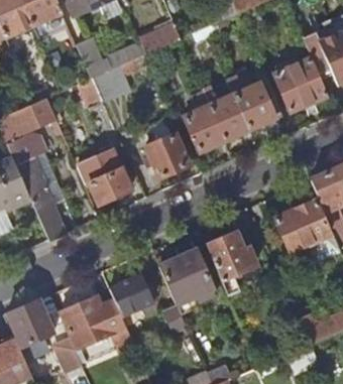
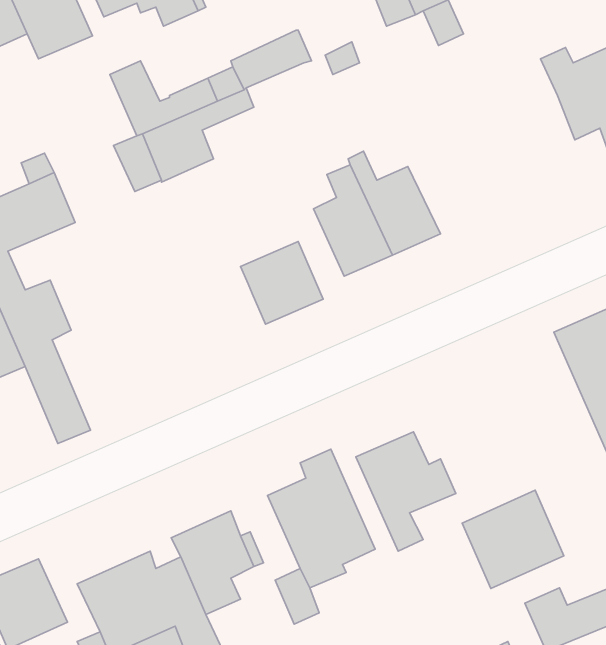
building: [273,55,327,110] -> none
building: [225,74,280,128] -> none
building: [76,147,130,202] -> none
building: [274,200,328,251] -> [462,490,564,588]

